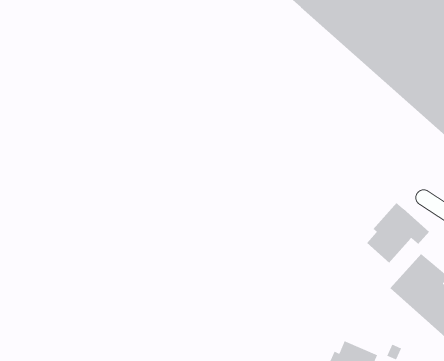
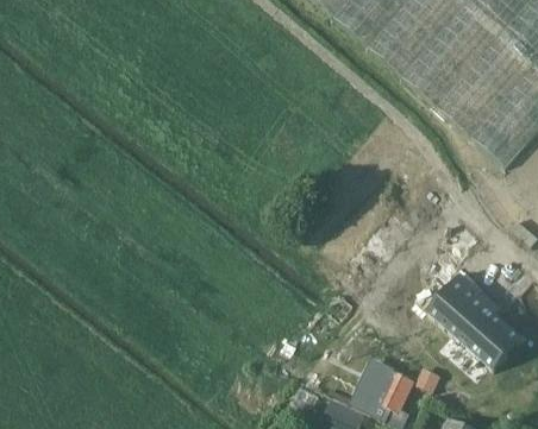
building: [366,202,430,264] -> none

